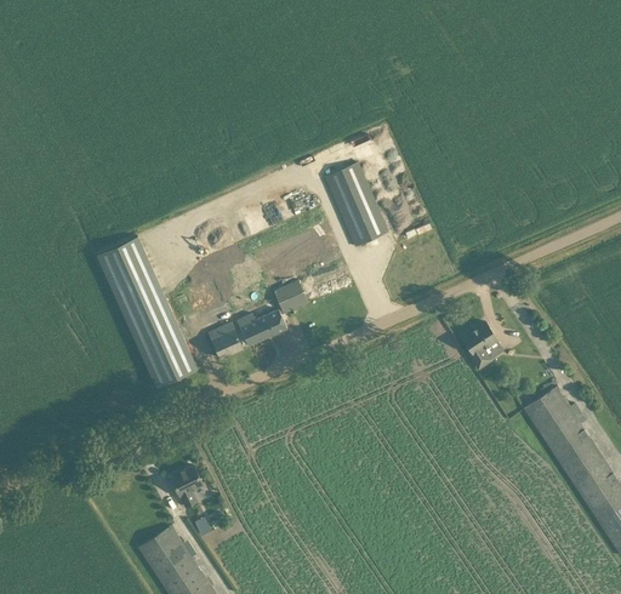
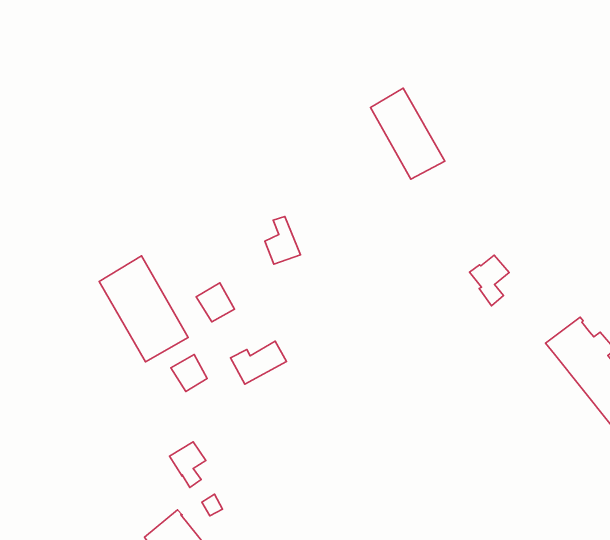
building: [325,161,388,245] -> [371,88,445,179]
building: [237,308,287,344] -> [230,341,286,384]
building: none -> [171,355,207,391]

